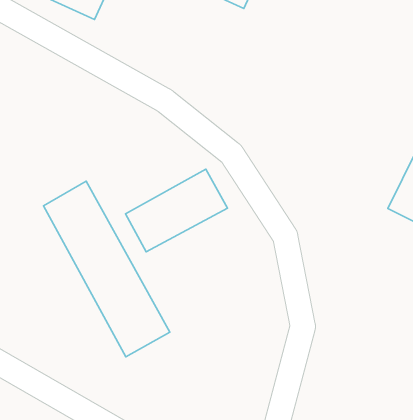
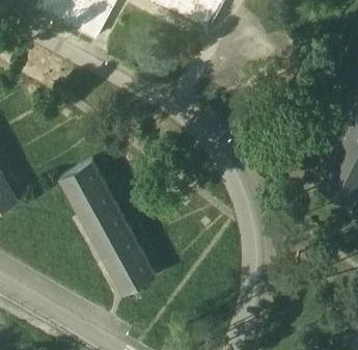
building: [126,169,227,252] -> none

